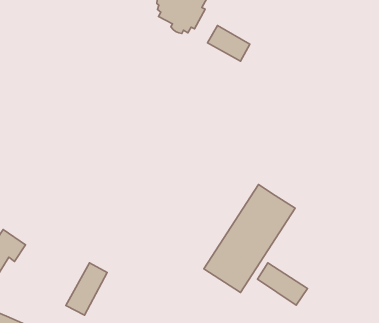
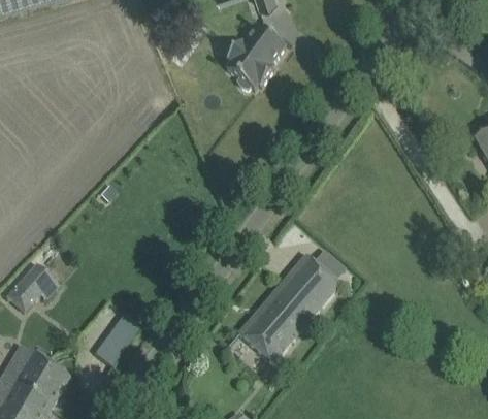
building: [208,26,250,61] -> none
building: [257,263,307,305] -> none

